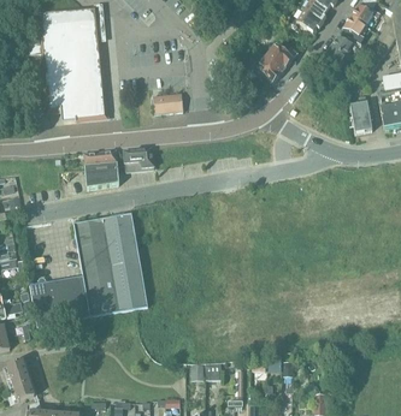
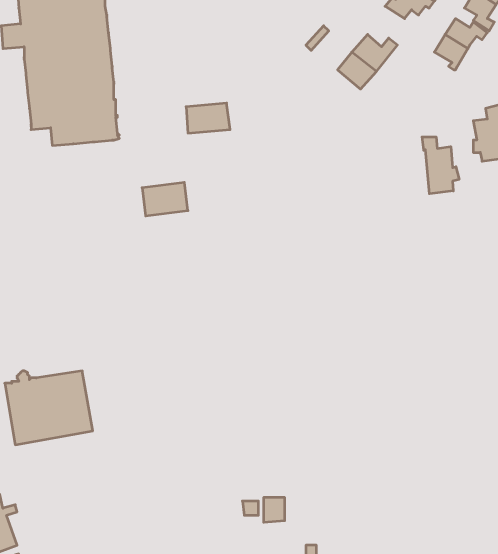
building: none -> [422,137,459,194]
building: [83,149,119,188] -> none
building: [72,212,147,315] -> none

